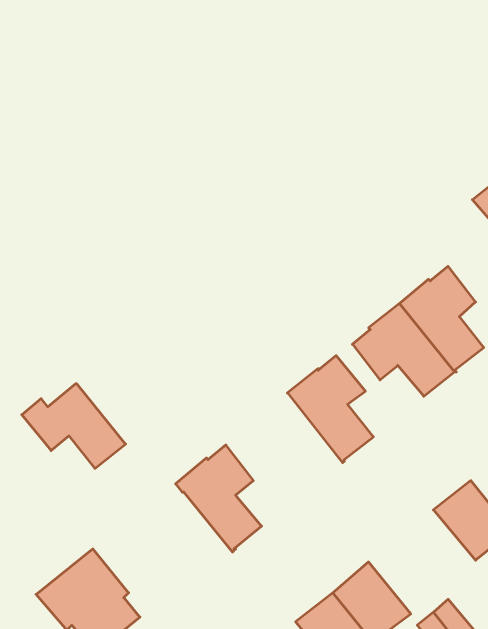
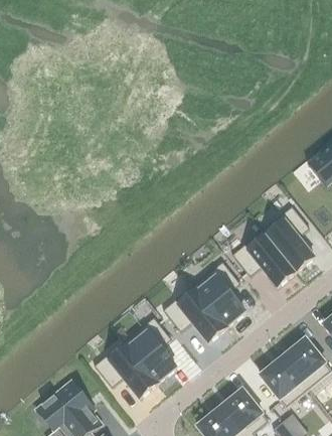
building: [22,384,126,468] -> [94,345,158,398]
building: none -> [163,284,226,342]
building: none -> [260,356,309,407]

